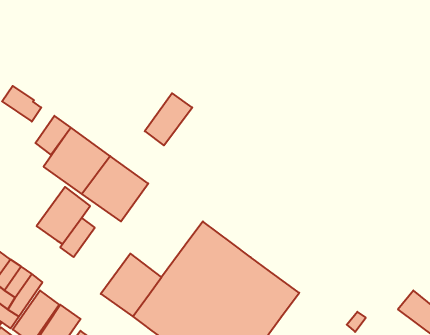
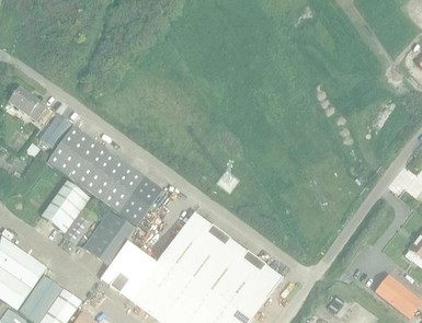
building: [145,93,192,145] -> [118,176,162,224]
building: none -> [82,210,134,265]

